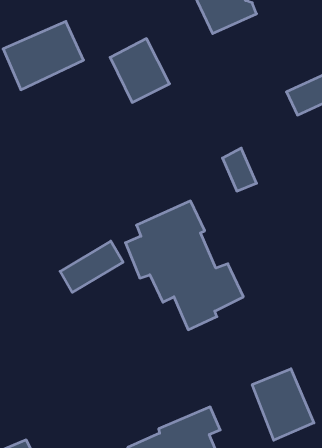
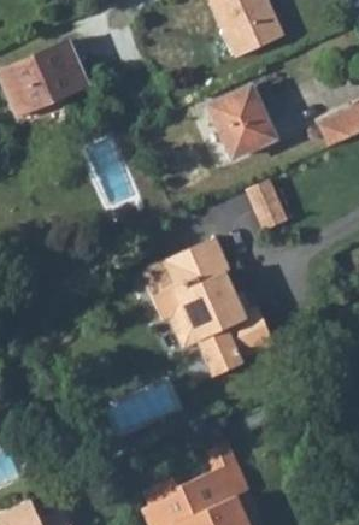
building: [110,39,170,102] -> [212,82,277,152]
building: [60,241,123,292] -> none
building: [252,369,314,440] -> none

